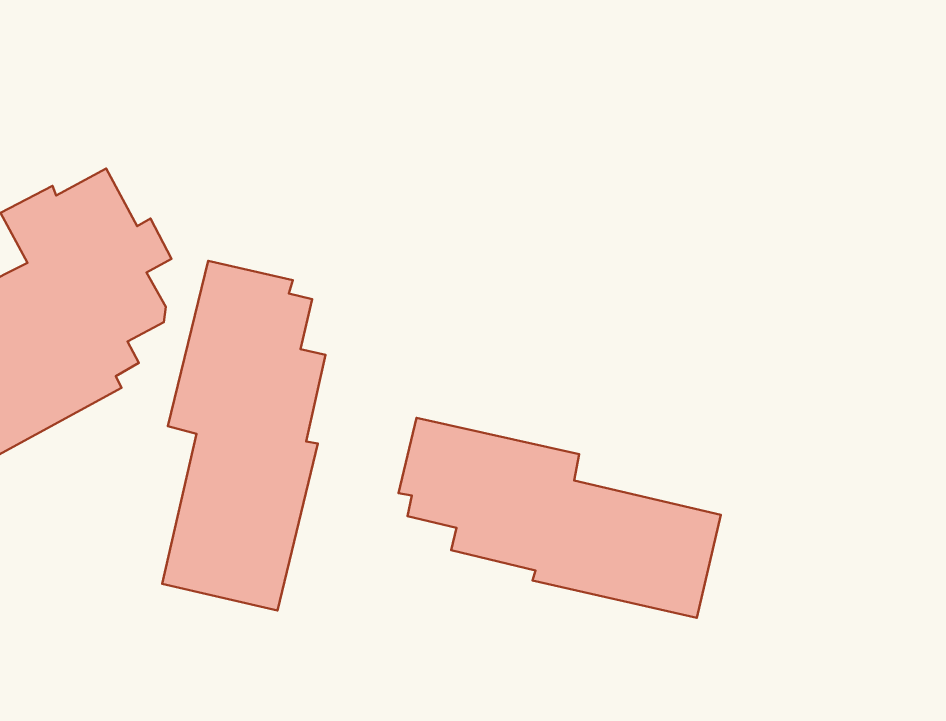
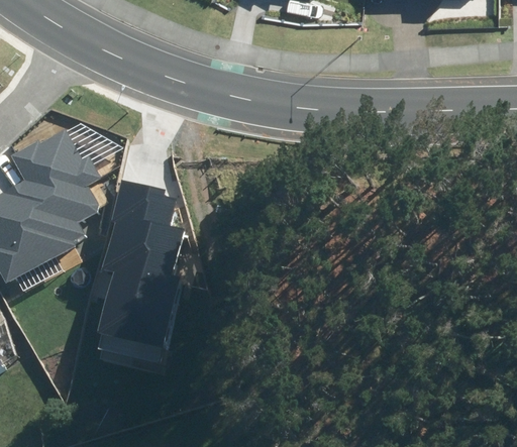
building: [399,418,721,618] -> none

